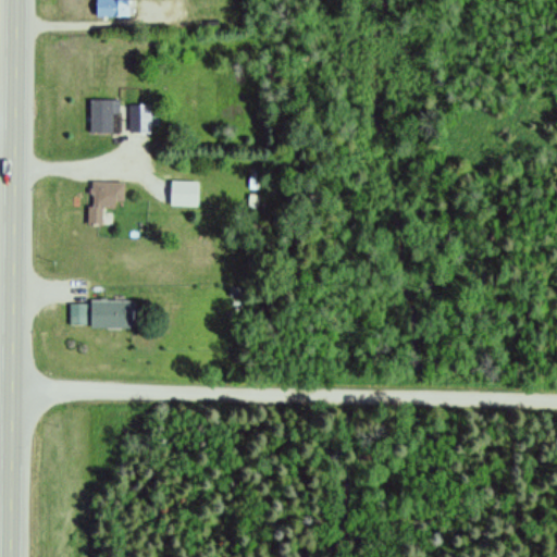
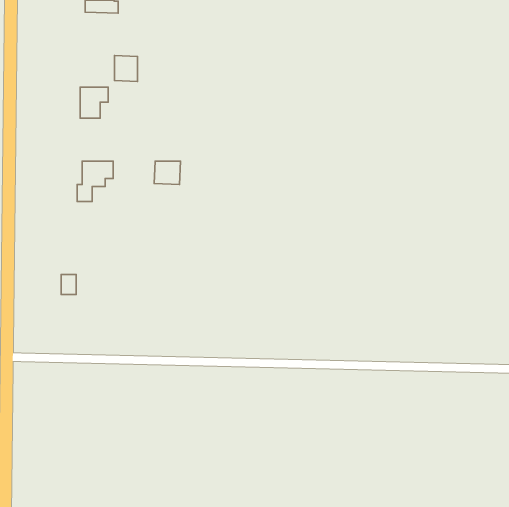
building: [128,107,153,135] -> [114,55,137,81]
building: [91,300,135,330] -> none

